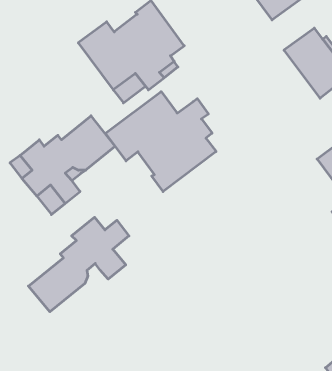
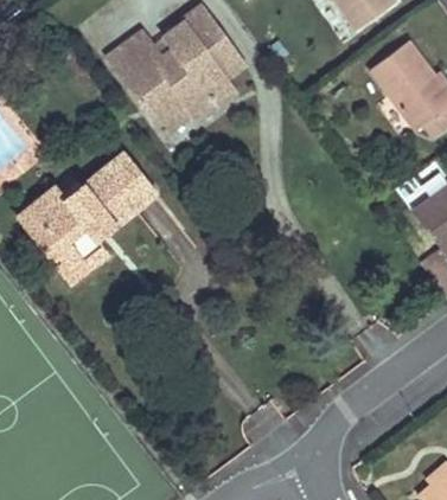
building: [105,92,216,192] -> none
building: [28,217,129,312] -> none

